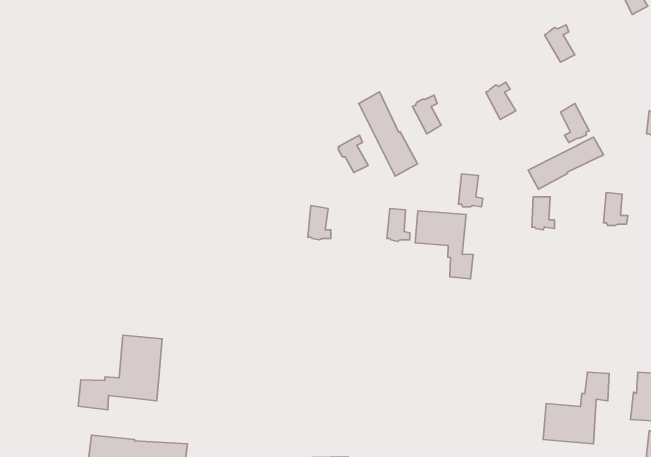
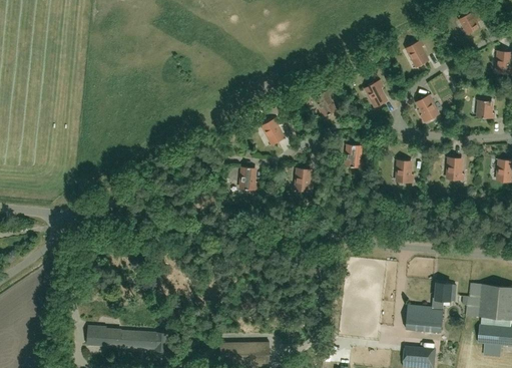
building: [359,92,417,176] -> none
building: [528,137,604,189] -> none
building: [415,211,473,279] -> none
building: [78,335,162,410] -> none

